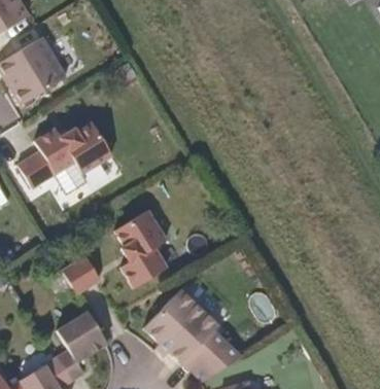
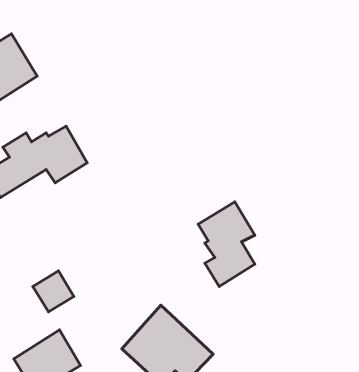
building: [115,210,168,288] -> [198,202,255,286]

